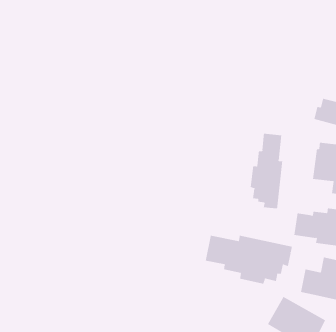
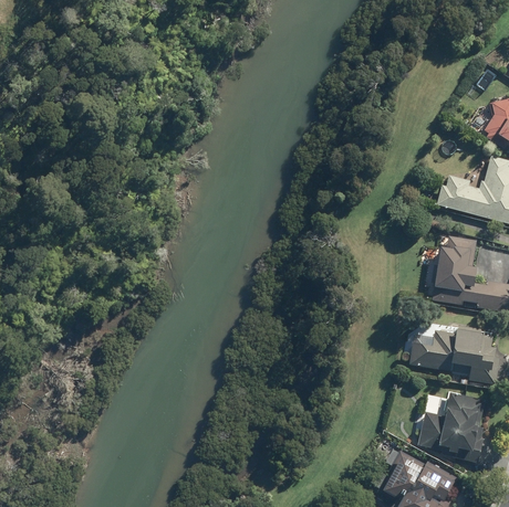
building: [250,133,283,209] -> none
building: [205,235,292,284] -> none

